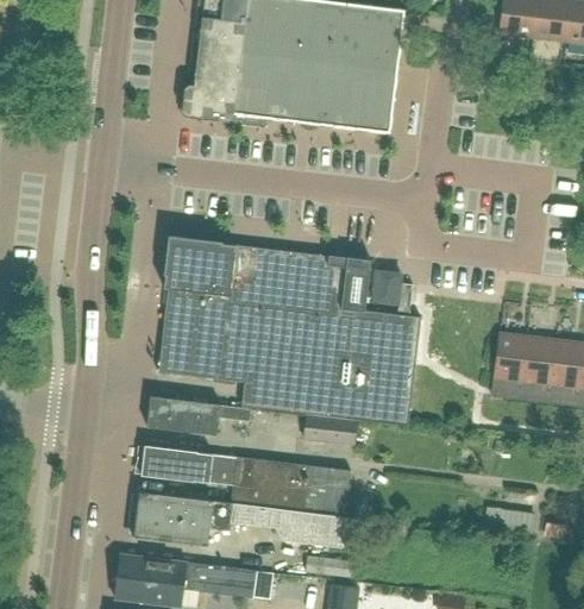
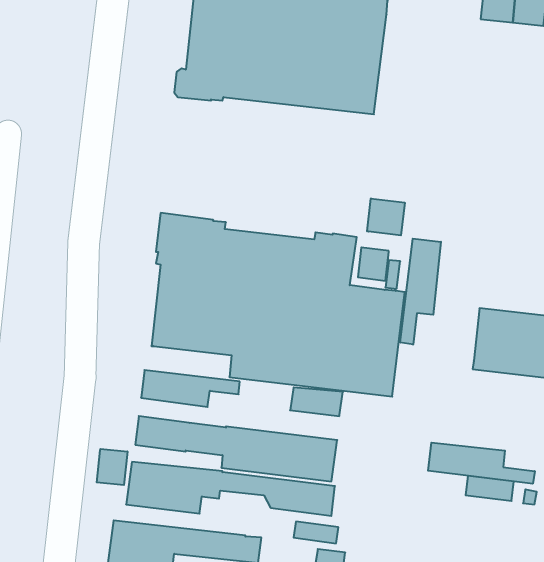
building: none -> [367,198,405,235]
building: none -> [400,239,441,345]
building: none -> [428,443,535,484]
building: none -> [97,449,127,485]

